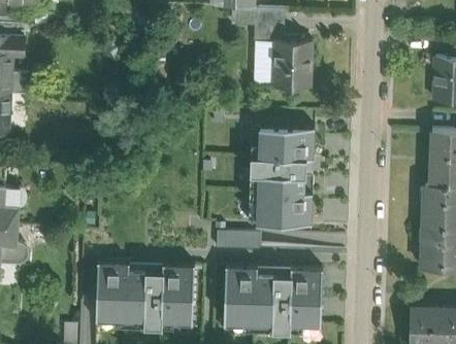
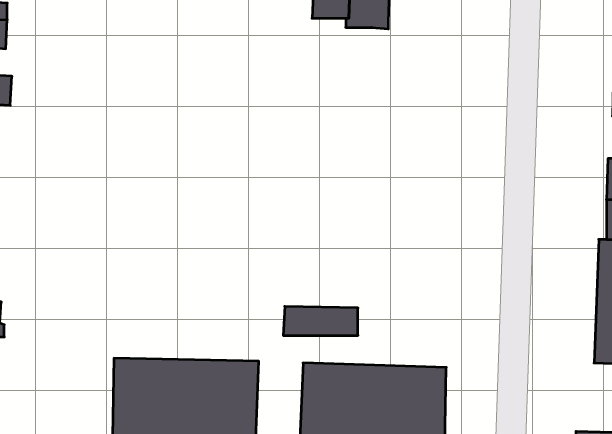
building: [270,38,311,90] -> none
building: [257,129,313,225] -> none

